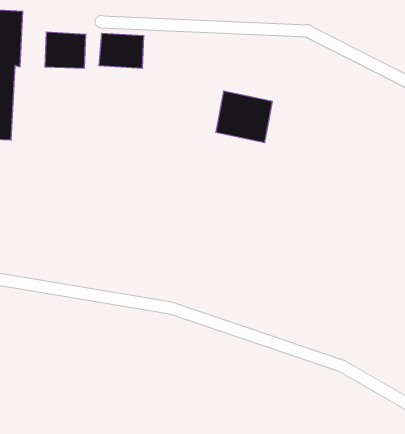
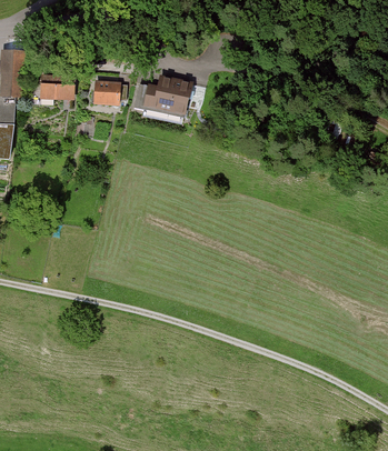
building: [216,91,272,143] -> [143,72,192,117]

